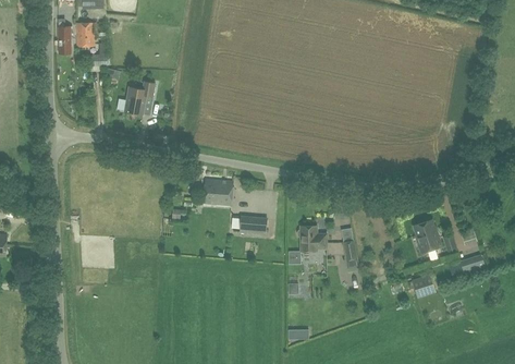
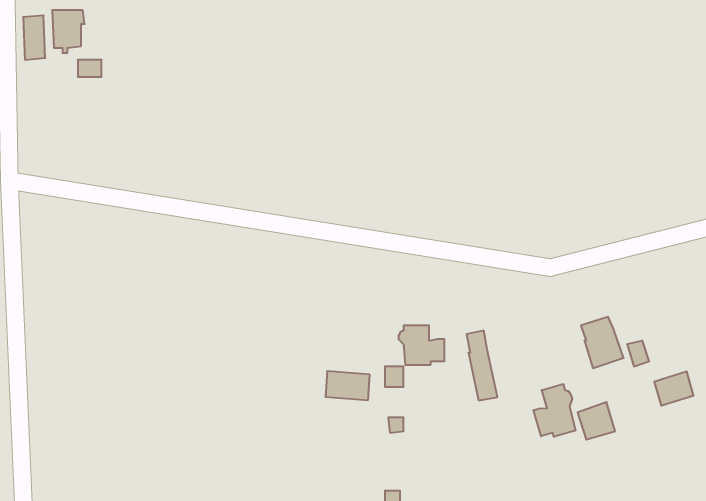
building: [123,80,155,114] -> none
building: [203,179,232,204] -> none
building: [238,215,267,233] -> [325,371,370,400]
building: none -> [534,384,575,437]

